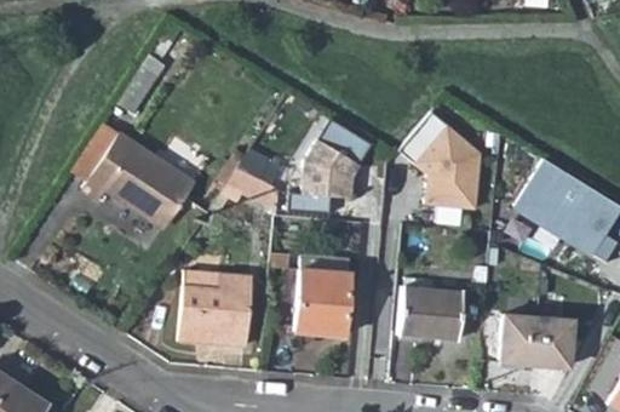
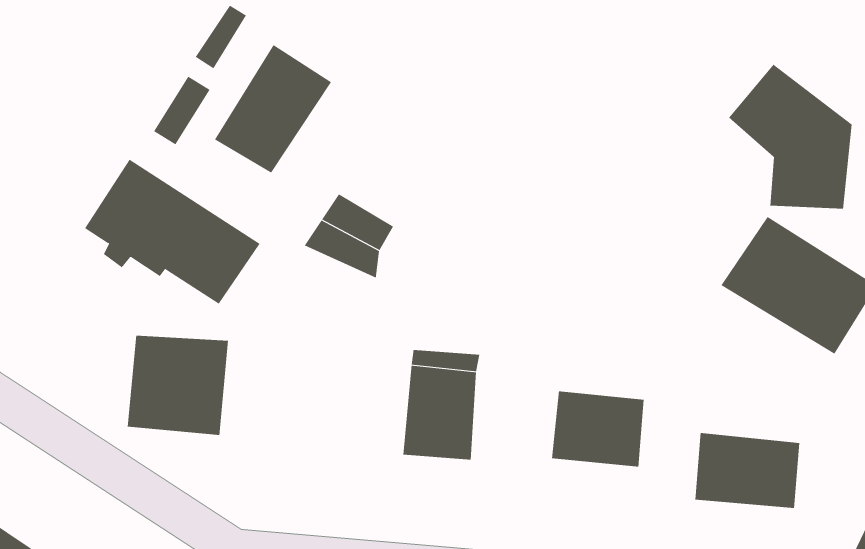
building: none -> [214,44,332,174]
building: [400,114,487,216] -> [728,64,853,209]
building: [294,125,373,214] -> none
building: [178,273,249,343] -> [127,335,229,436]

